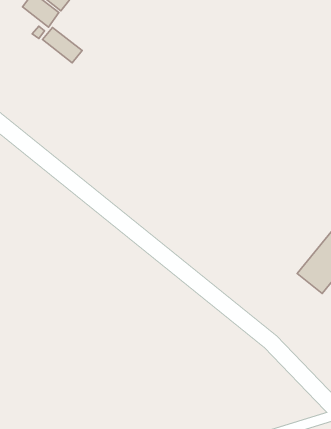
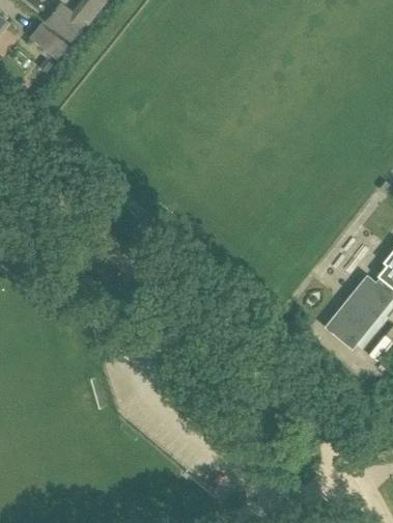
building: [42,27,82,63] -> none

